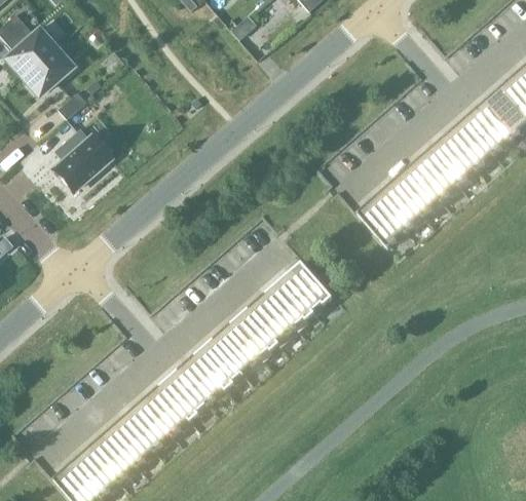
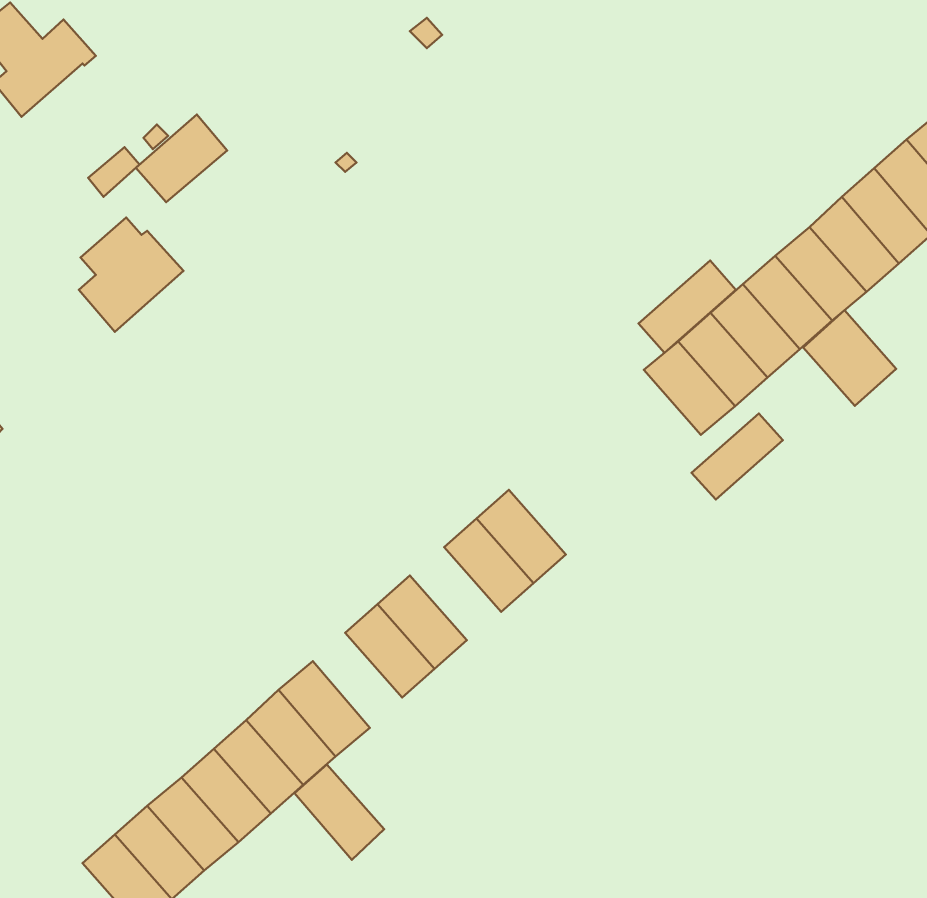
building: [22,46,71,93] -> [136,114,227,202]
building: none -> [639,260,736,353]
building: none -> [803,310,896,406]
building: none -> [692,414,783,499]
building: [285,261,333,311] -> none
building: [231,307,280,357] -> none
building: [179,353,227,404] -> [295,764,384,860]

